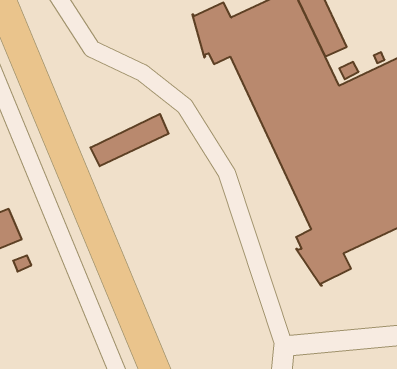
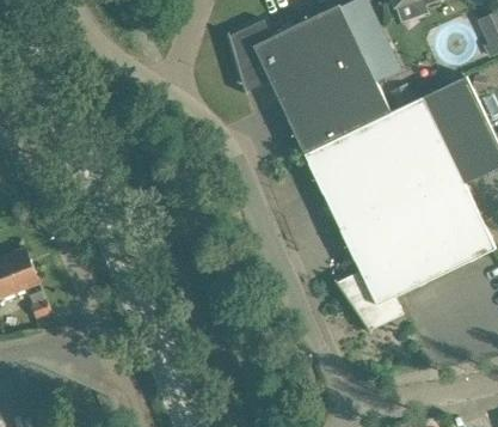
building: [90,114,169,166] -> none

